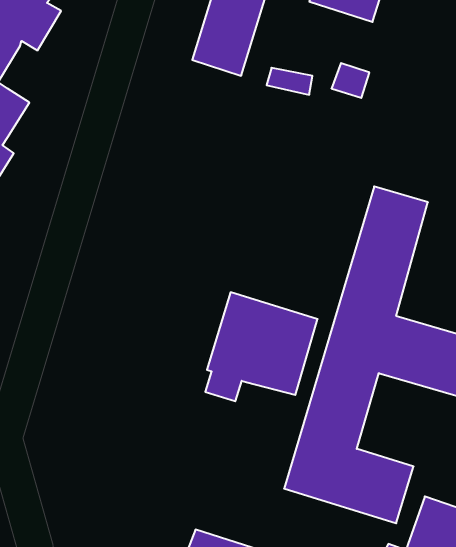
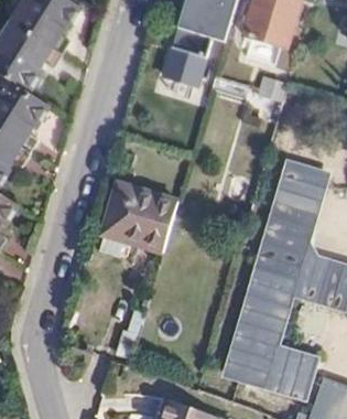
building: [205,292,318,401] -> [99,180,177,256]

